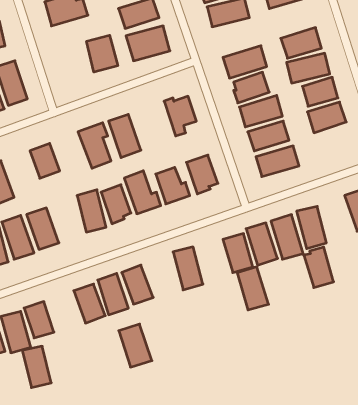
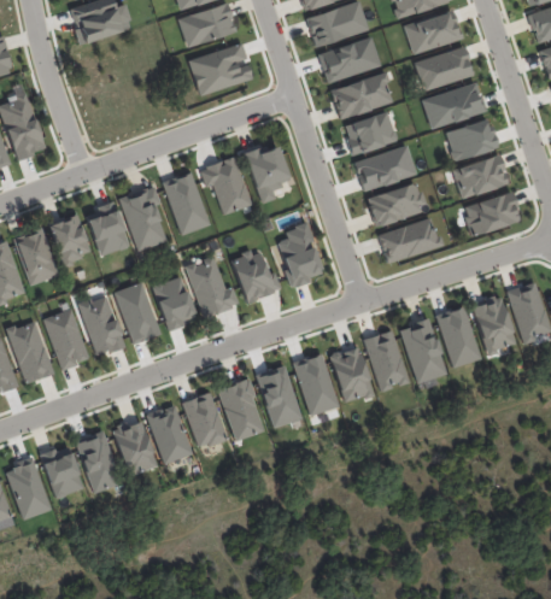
building: none -> [404,11,461,53]
building: none -> [318,37,380,82]
building: [87,35,118,72] -> none
building: none -> [199,157,252,215]
building: none -> [464,192,520,235]
building: none -> [87,200,129,256]
building: none -> [14,229,57,284]
building: none -> [80,294,125,356]
building: [304,247,334,288] -> [473,294,516,353]
building: [237,267,269,310] -> [293,353,339,416]
building: [119,324,152,367] -> [217,378,265,441]
building: [22,346,51,388] -> [77,433,119,493]

